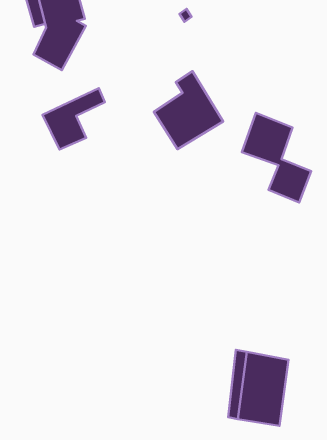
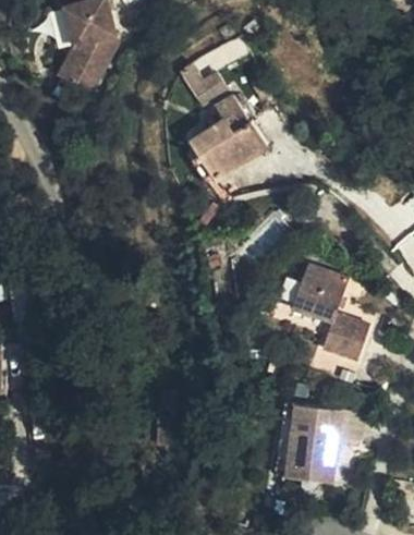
building: [43,88,105,150] -> [178,37,246,105]
building: [242,113,311,203] -> [293,263,369,362]

